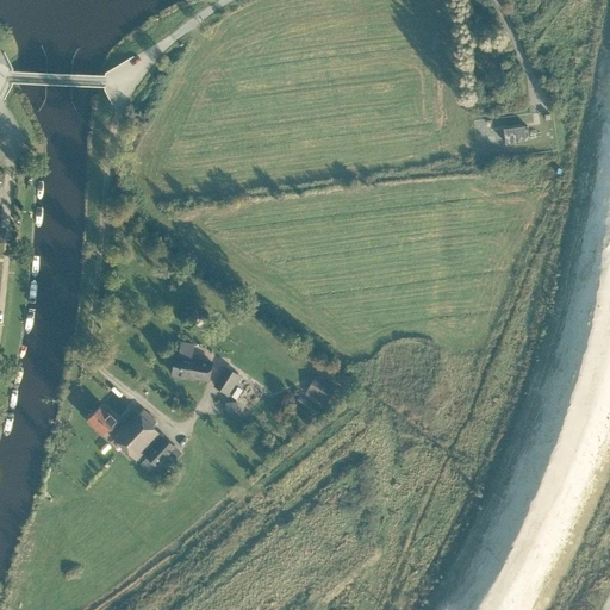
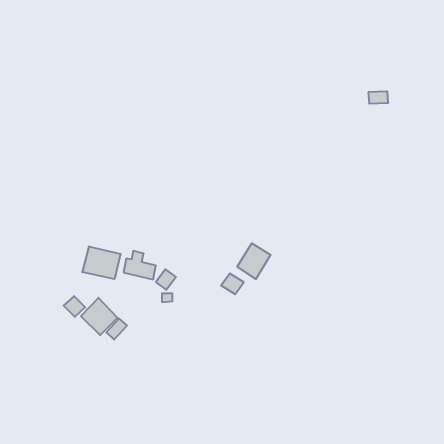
building: none -> [237,243,271,279]
building: none -> [82,246,120,279]

